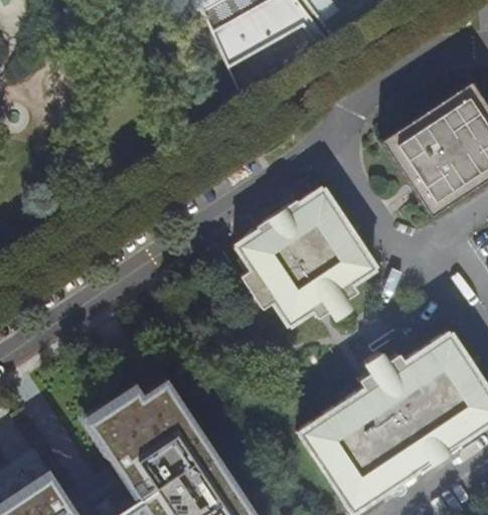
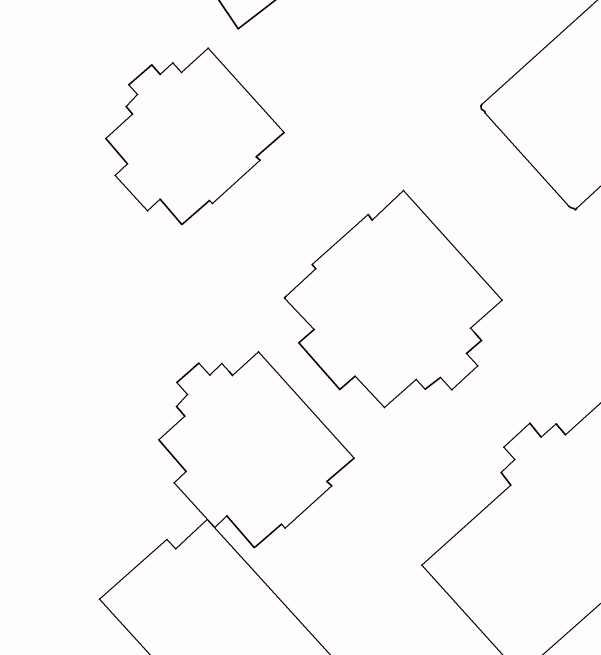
building: none -> [106,48,284,224]
building: none -> [159,352,354,547]

